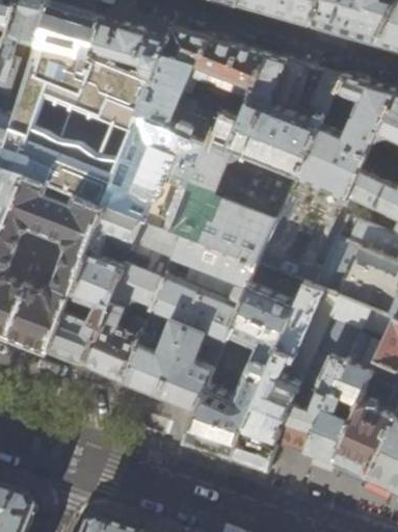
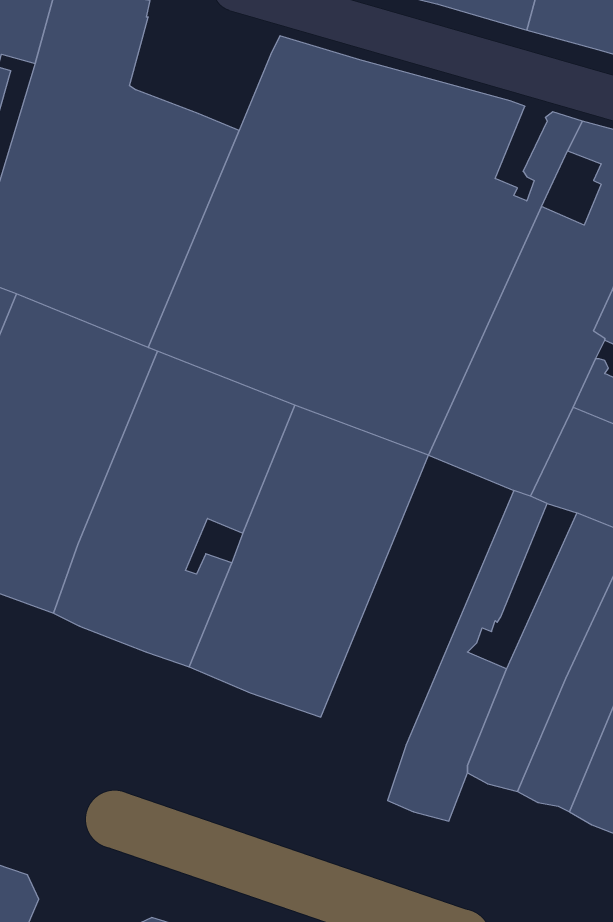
building: [91,20,170,83] -> none
building: [188,265,307,458] -> none

